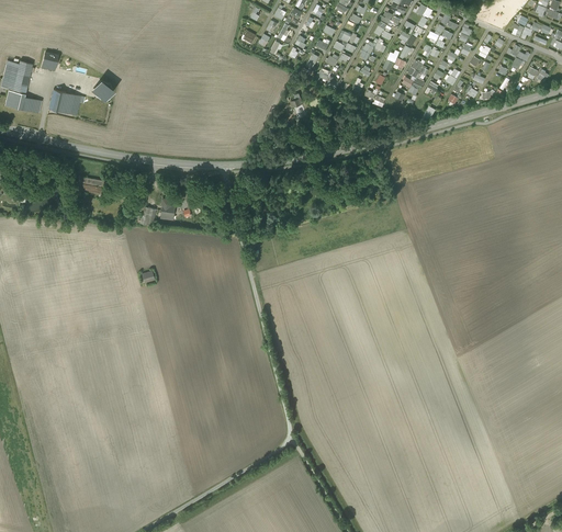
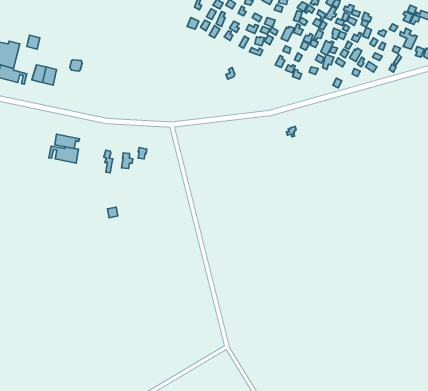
building: none -> [49,146,79,163]

